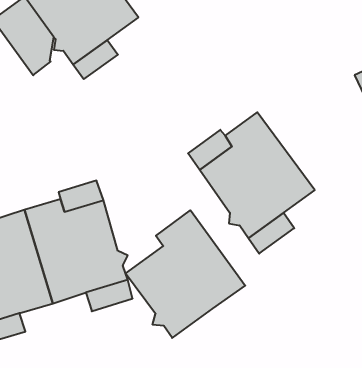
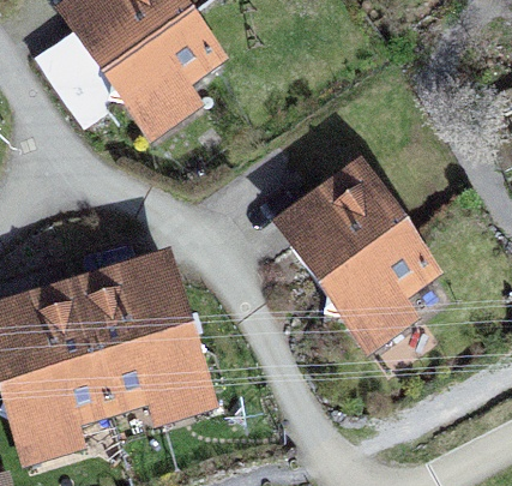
building: [126,210,245,338] -> none

